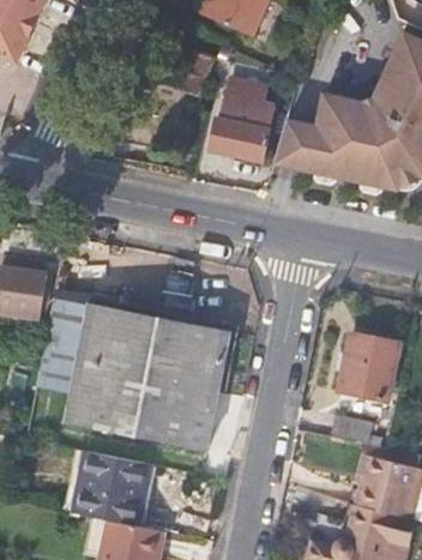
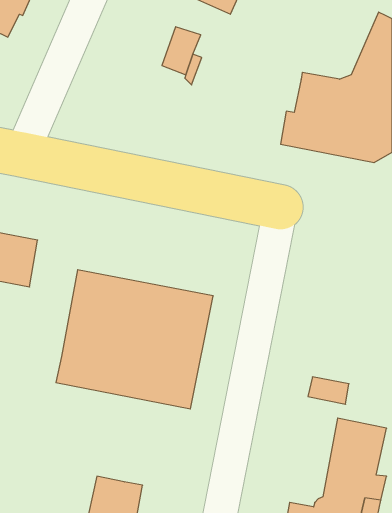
building: [213,80,275,159] -> none
building: [273,122,319,171] -> none
building: [43,296,89,395] -> none
building: [338,335,399,398] -> none
building: [76,451,150,526] -> none

